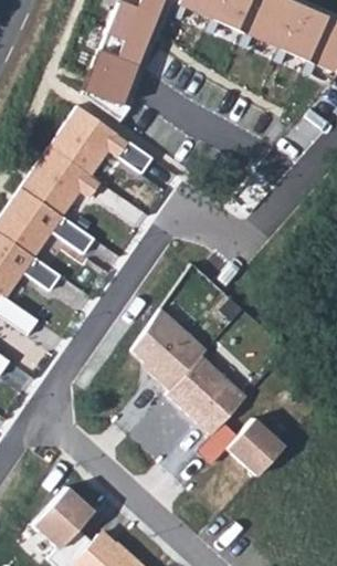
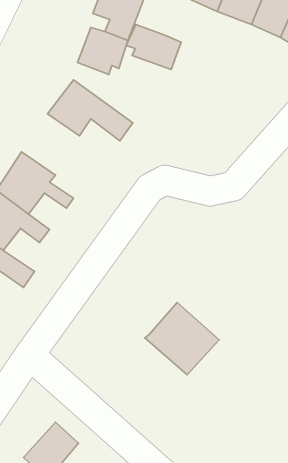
building: none -> [126,25,181,70]
building: [27,145,95,212] -> none
building: [128,306,203,388] -> none
building: [194,416,280,473] -> none

